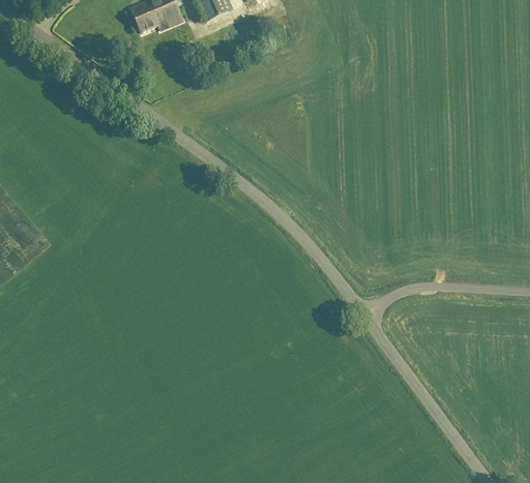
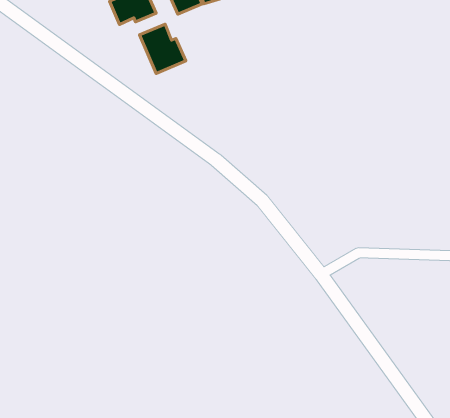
building: none -> [139,24,186,73]

